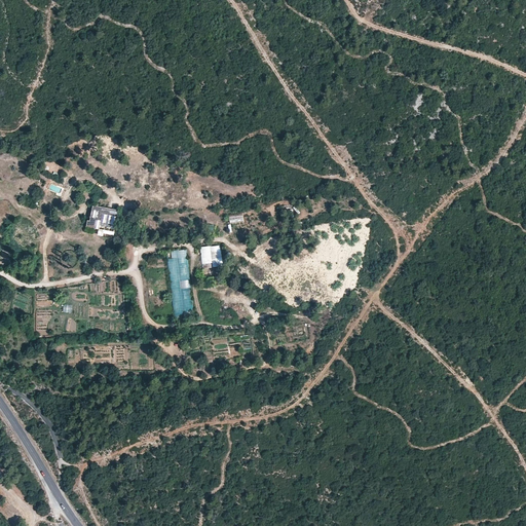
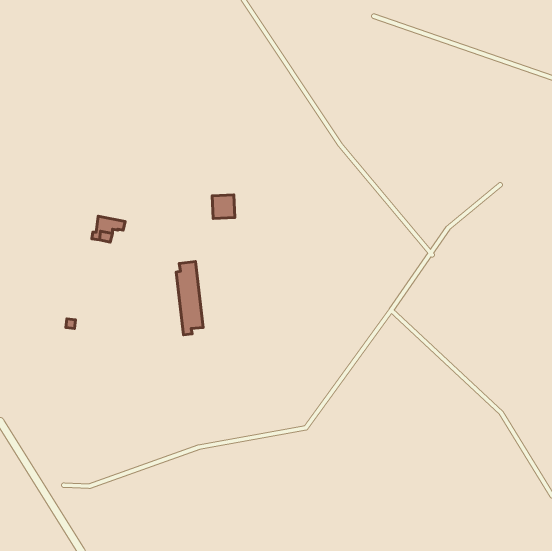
building: [200,245,222,267] -> [212,195,235,219]

